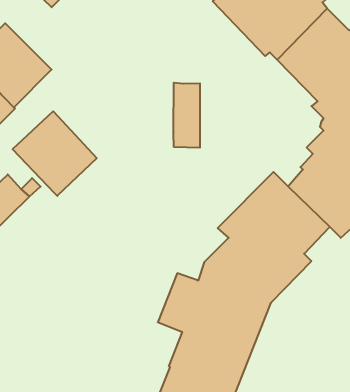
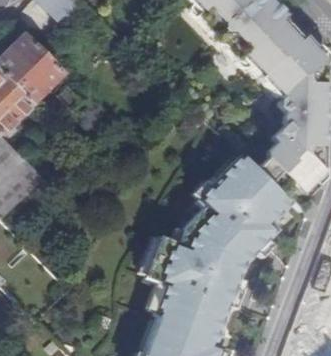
building: [174,83,200,148] -> none
building: [13,111,97,196] -> none

